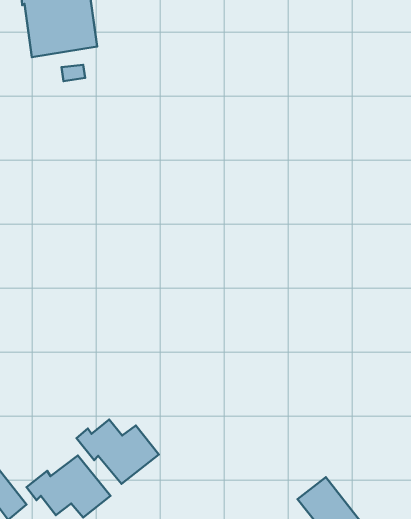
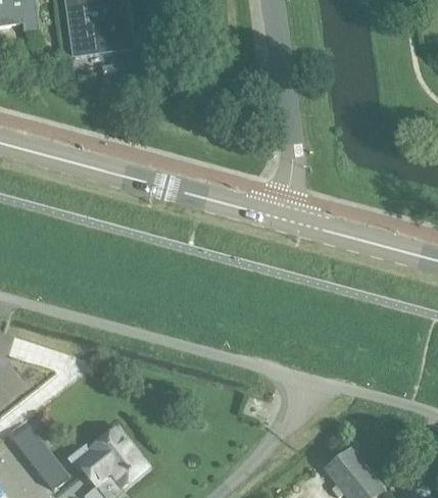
building: [77,419,159,484] -> none

